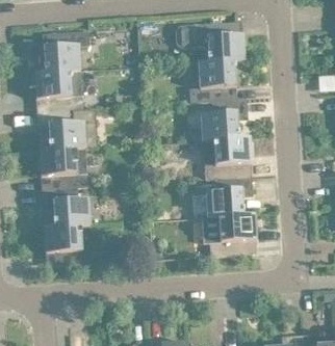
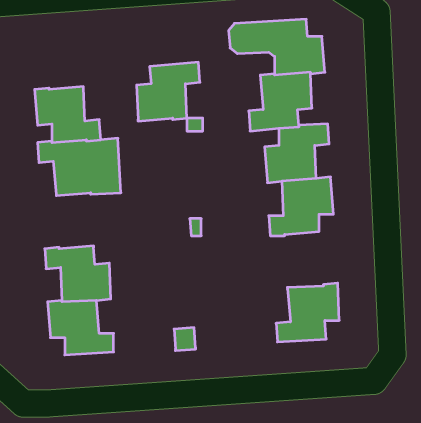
building: [43,31,88,74] -> [137,62,200,121]
building: [38,149,86,189] -> none
building: [205,176,251,218] -> none

